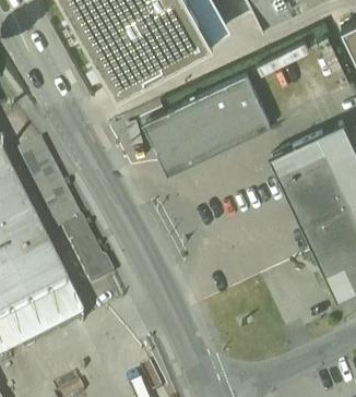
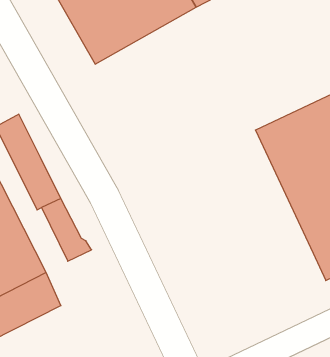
building: [146,73,270,169] -> none

